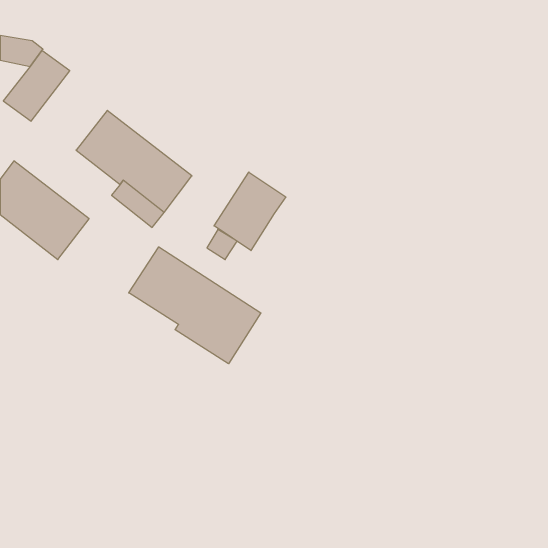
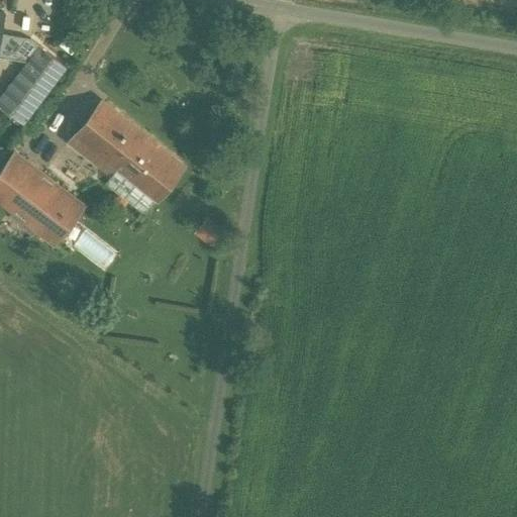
building: [214,172,286,251] -> none
building: [129,247,261,364] -> none

